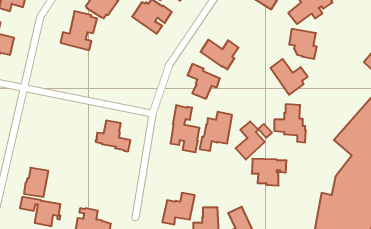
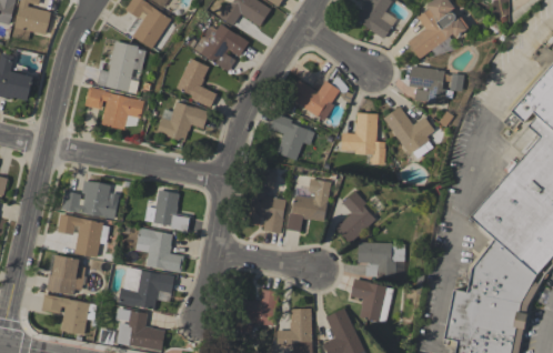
building: none -> [177,58,217,107]
building: none -> [86,87,144,128]
building: none -> [157,101,209,141]
building: [274,104,306,142] -> [342,112,385,164]
building: none -> [61,180,118,219]
building: none -> [58,214,110,258]
building: none -> [135,228,184,272]
building: none -> [119,266,174,309]
building: none -> [351,278,394,324]

